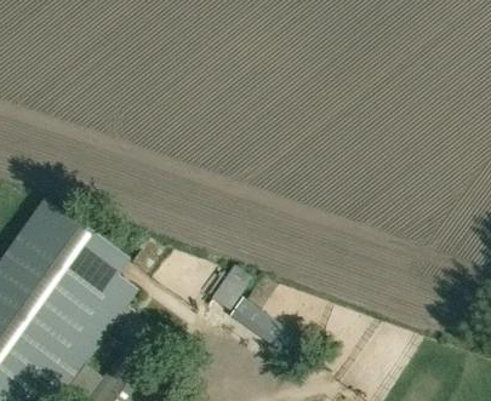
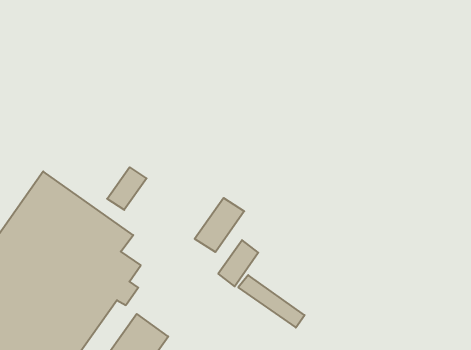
building: none -> [107,167,147,210]
building: none -> [195,198,244,252]

